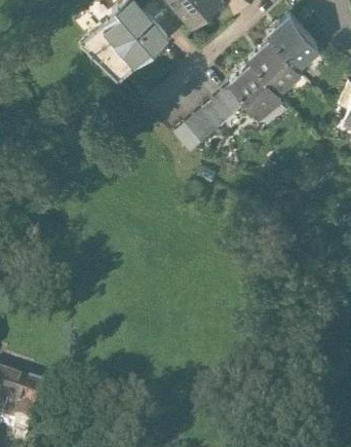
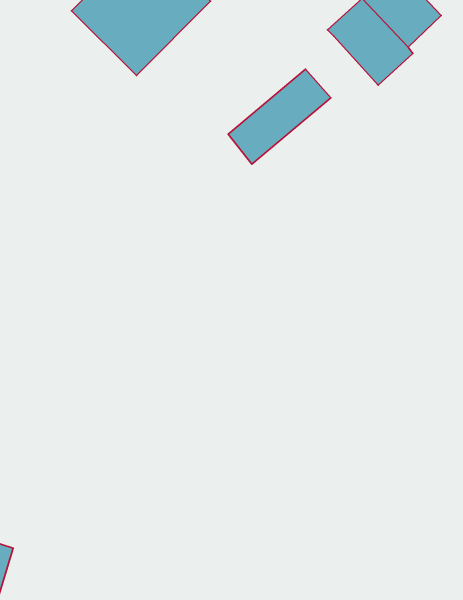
building: [231,59,286,114] -> none

